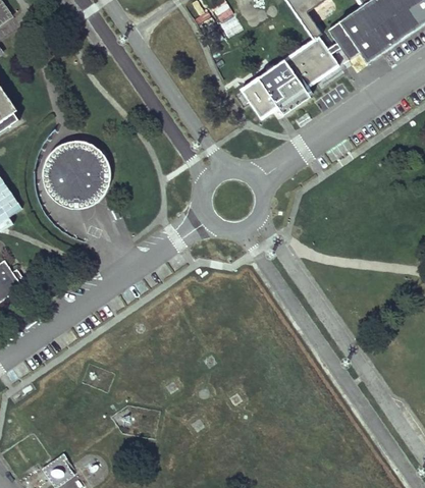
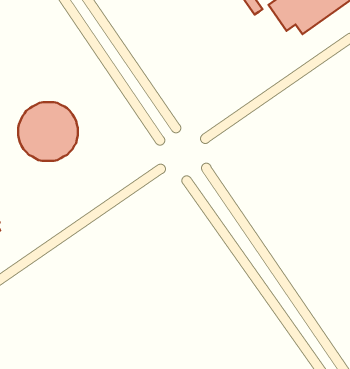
building: [242,37,338,119] -> none

